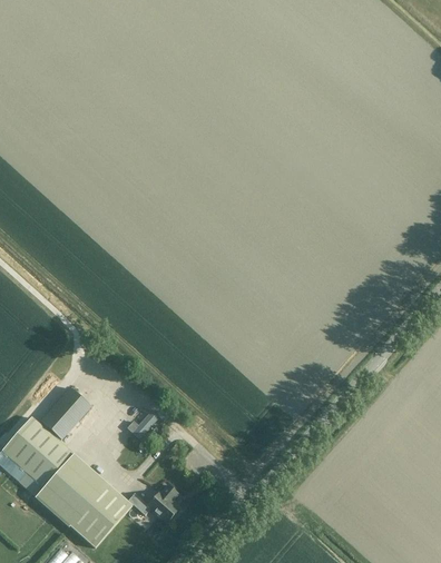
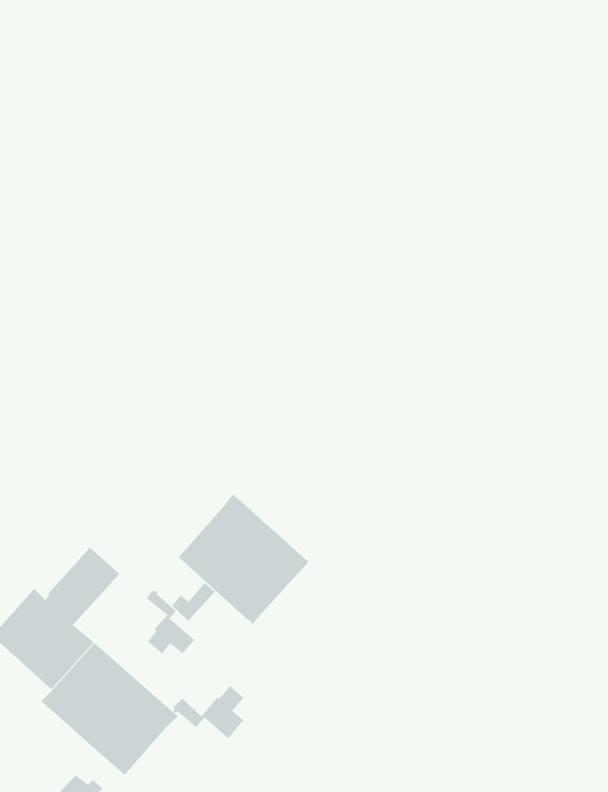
building: none -> [178,494,309,626]
building: none -> [146,589,195,654]

